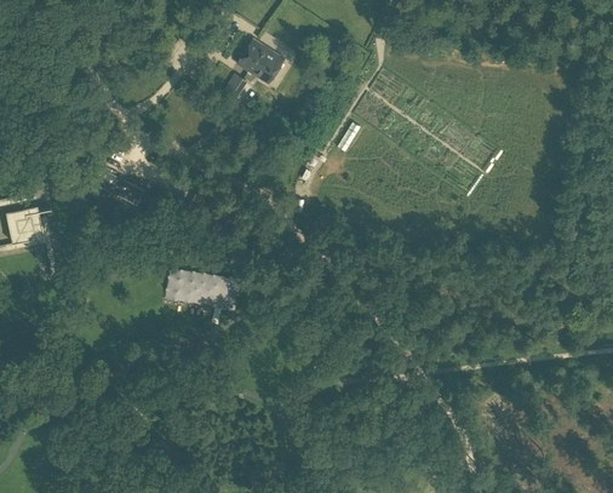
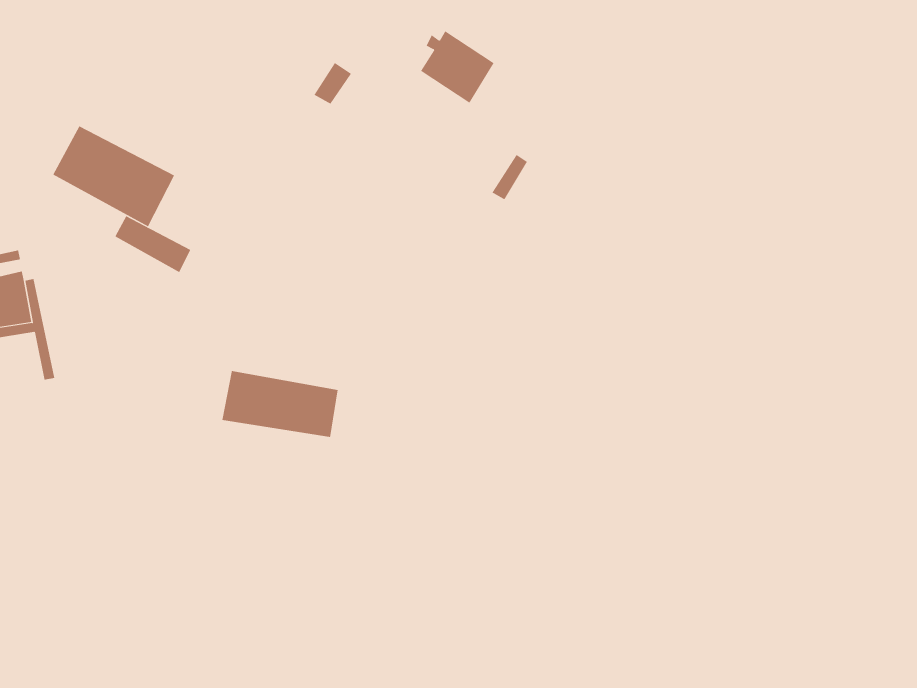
building: [236,38,283,84] -> [420,31,495,103]
building: none -> [52,126,175,227]

